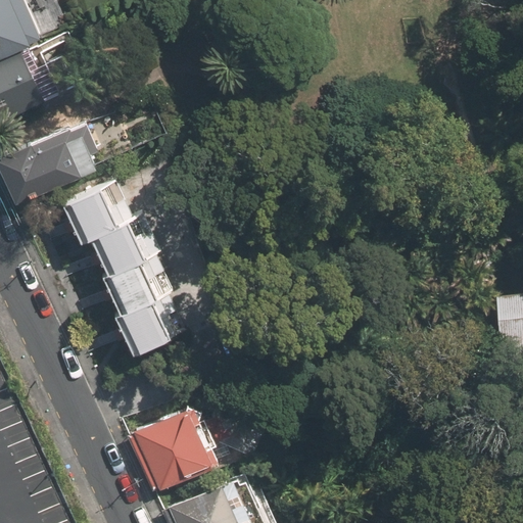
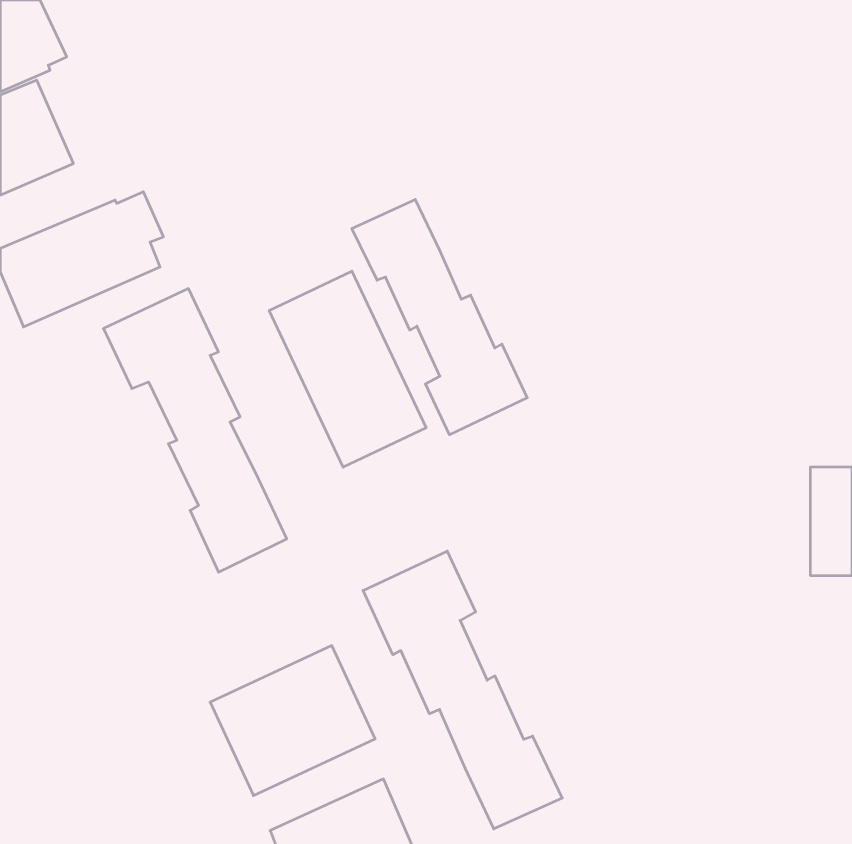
building: none -> [352,199,527,435]
building: none -> [269,271,426,467]
building: none -> [363,551,562,829]

